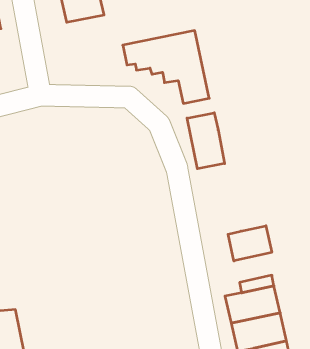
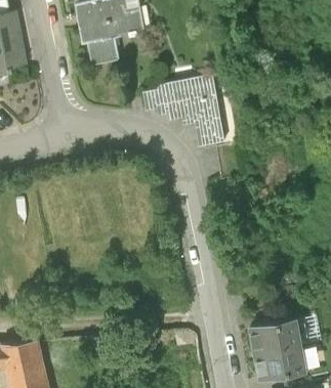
building: [187,113,225,169] -> none
building: [228,226,272,261] -> none

